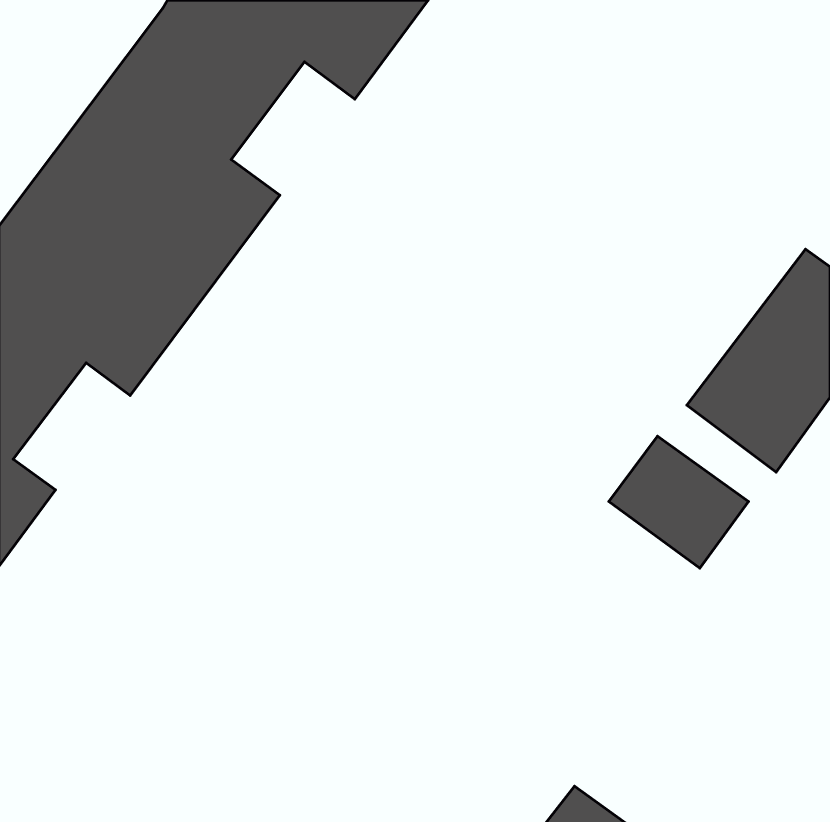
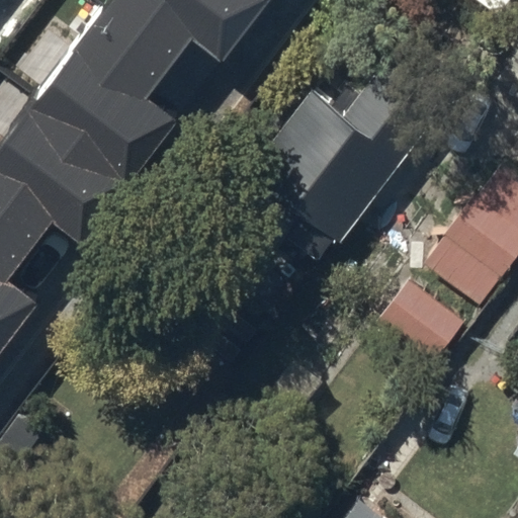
building: none -> [246,52,440,259]

